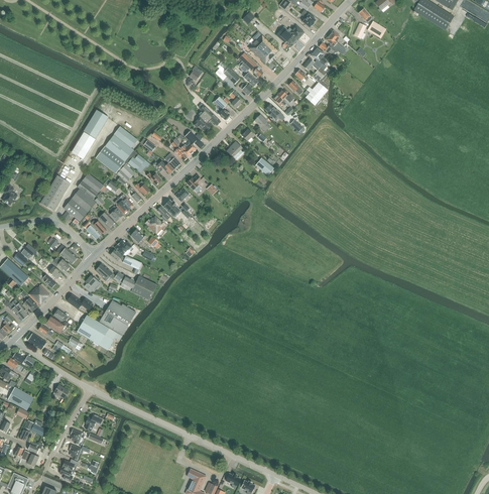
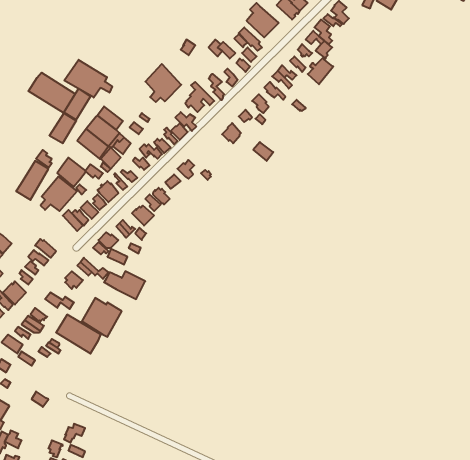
building: none -> [64,60,112,98]
building: none -> [145,64,181,102]
building: none -> [28,73,75,113]

